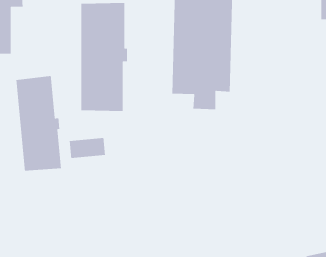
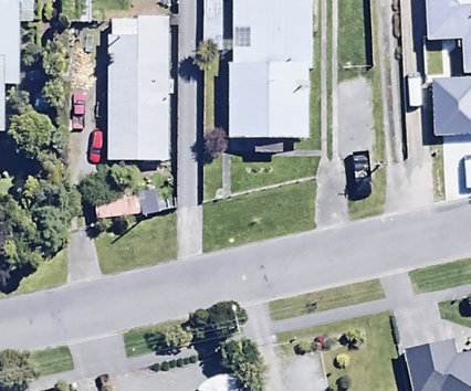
building: [16,75,62,172] -> none

